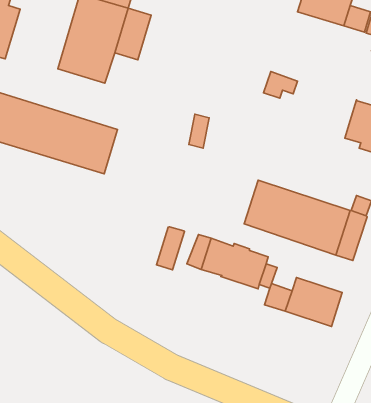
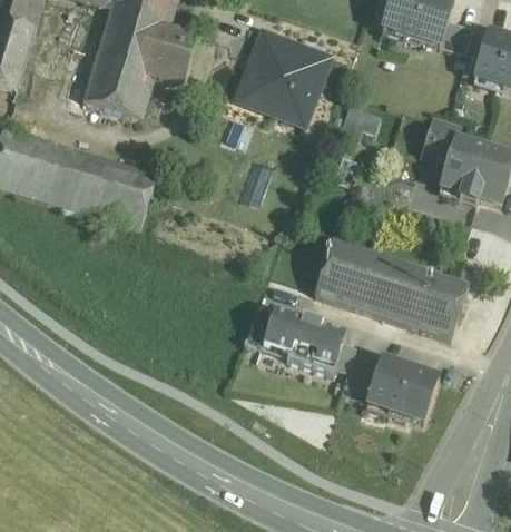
building: none -> [238,38,326,126]
building: none -> [422,118,461,164]
building: [157,227,184,270] -> none

